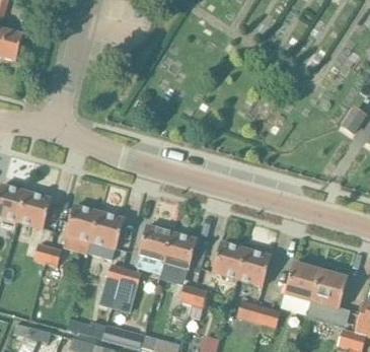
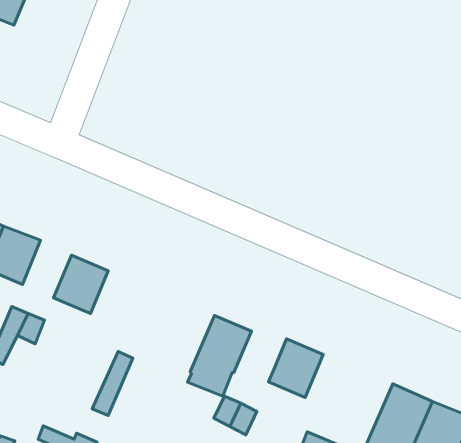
building: [88,212,124,257] -> none
building: [137,225,171,271] -> none
building: [237,249,271,285] -> none
building: [110,267,140,312] -> none

